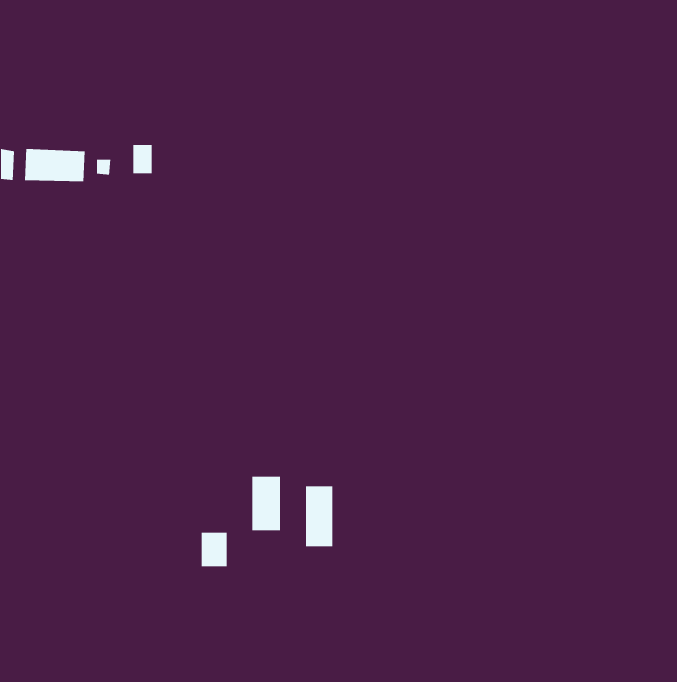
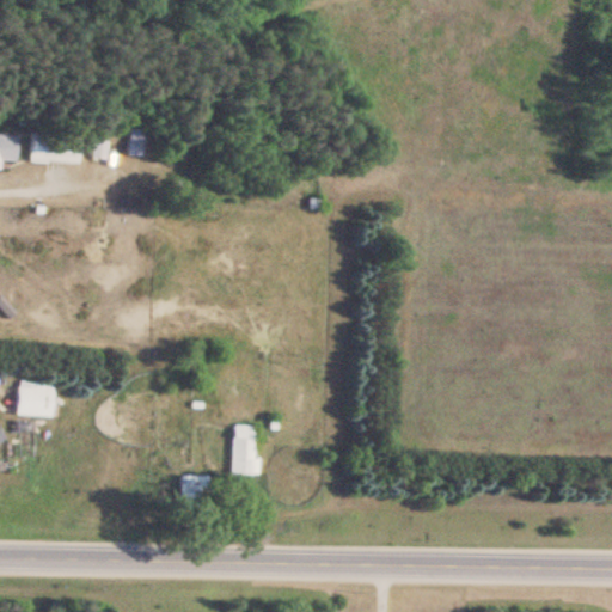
building: none -> [14,381,56,417]
building: [305,485,333,547] -> none

